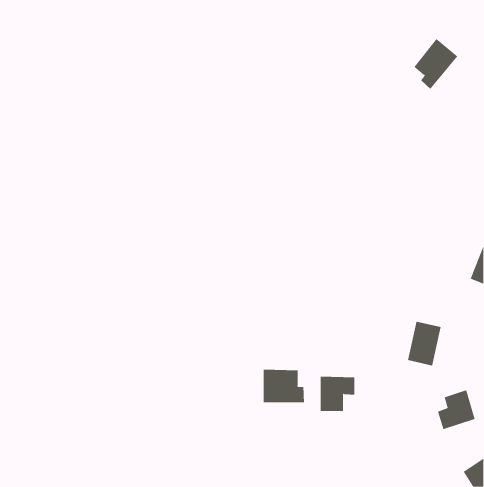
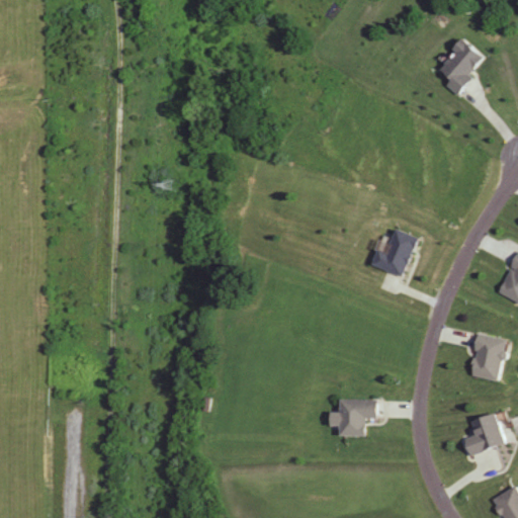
building: none -> [369,230,417,278]
building: [407,321,442,366] -> [468,334,505,381]
building: [263,369,304,403] -> none

